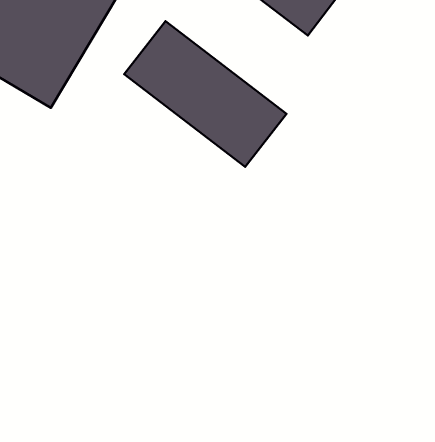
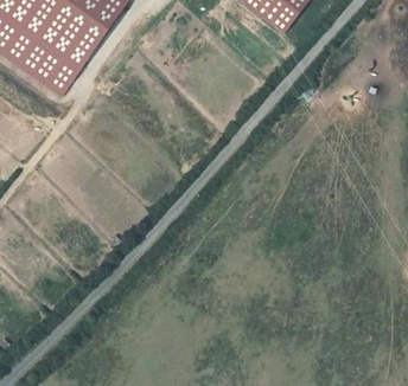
building: [124,21,287,167] -> none

